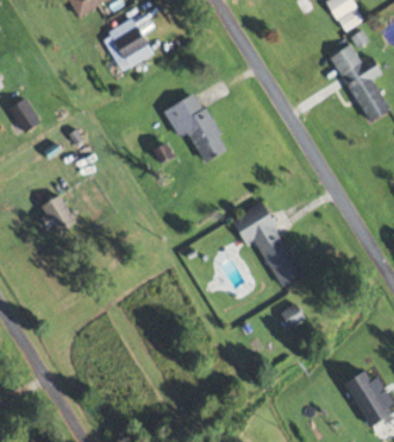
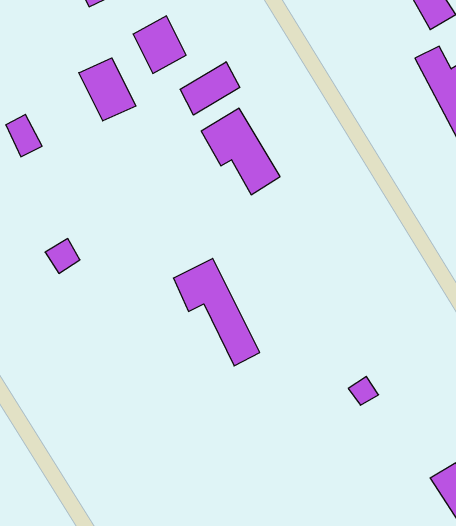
building: none -> [79,58,136,121]
building: none -> [180,62,240,115]
building: [232,203,300,288] -> [173,258,260,366]

